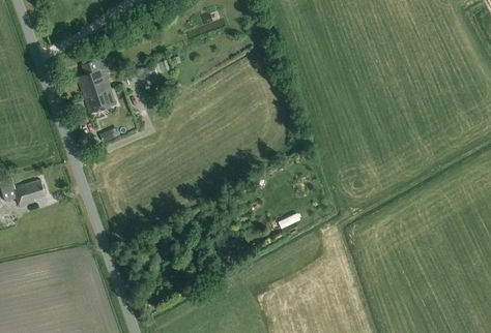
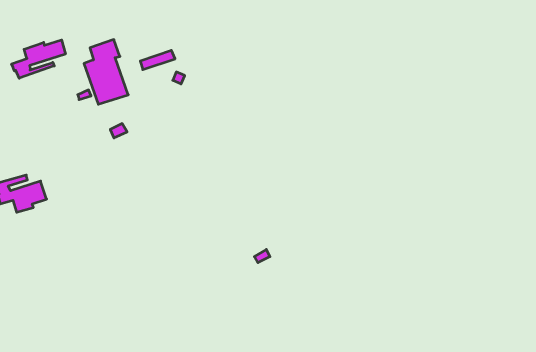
building: none -> [12,40,65,78]

